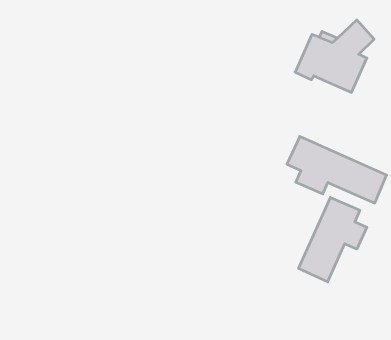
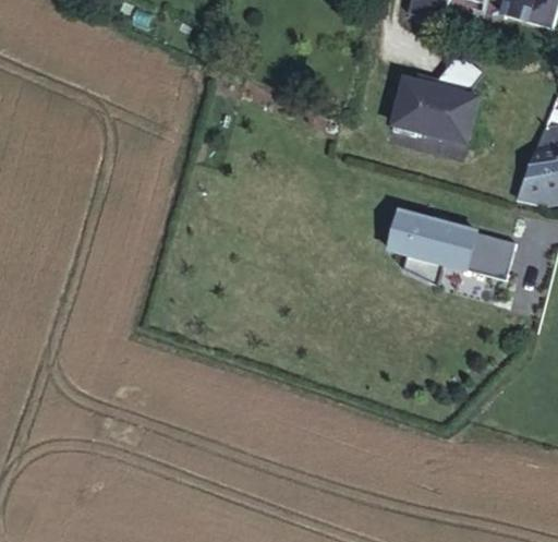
building: [299,197,367,282] -> none

